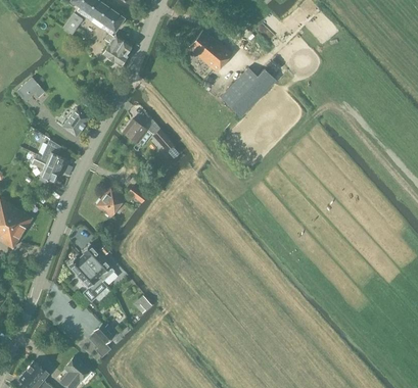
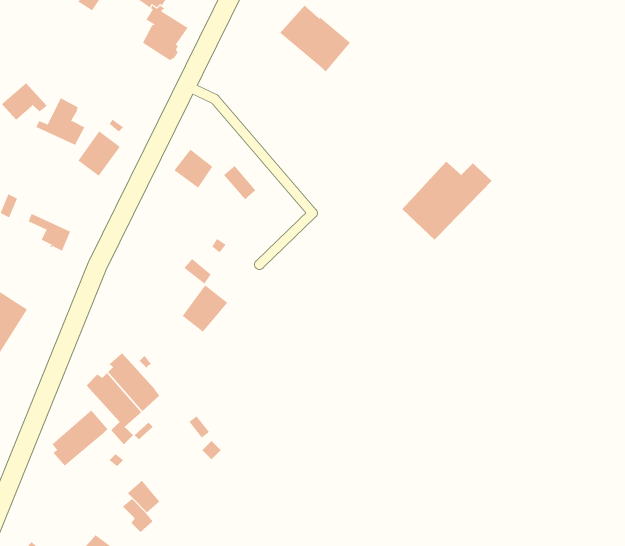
building: [221,68,277,117] -> [401,161,493,240]
building: [35,141,65,171] -> [36,97,85,145]
building: [97,187,126,216] -> [182,285,228,333]
building: none -> [52,409,108,467]

